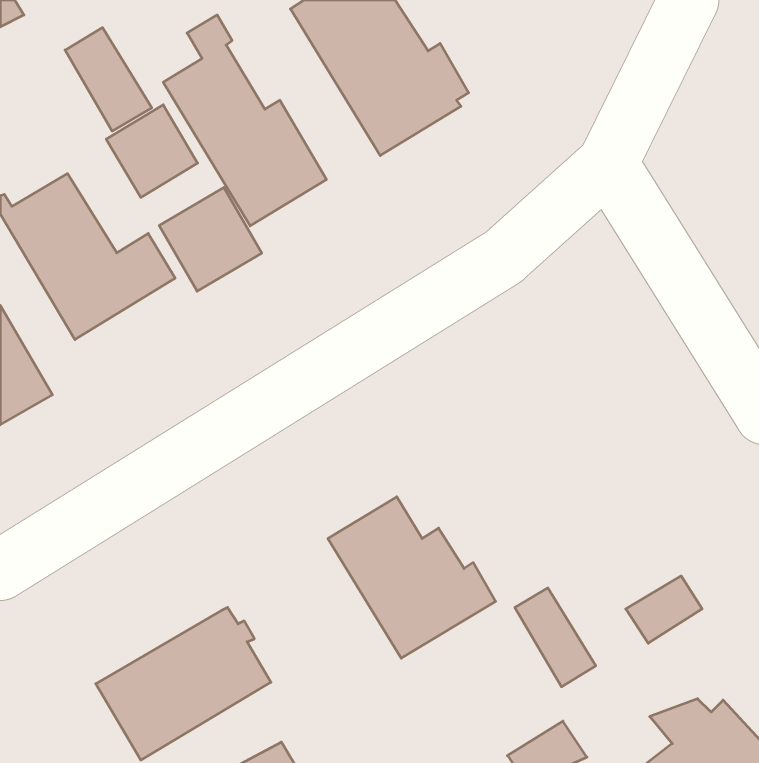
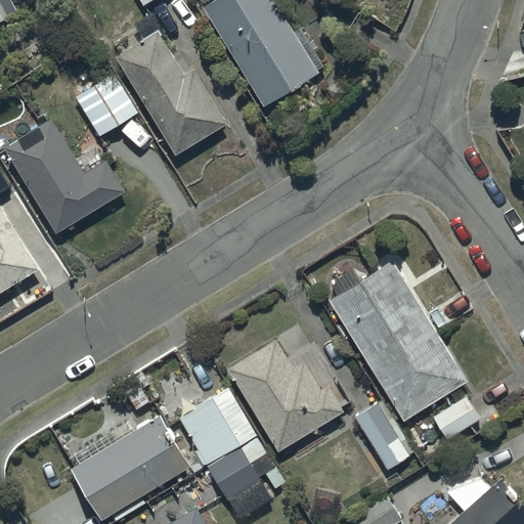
building: [65,28,152,131] -> none
building: [159,187,262,291] -> none
building: none -> [329,262,468,423]
building: none -> [179,372,272,518]

